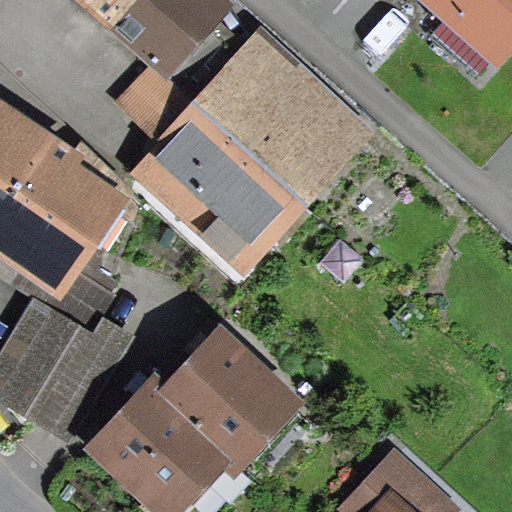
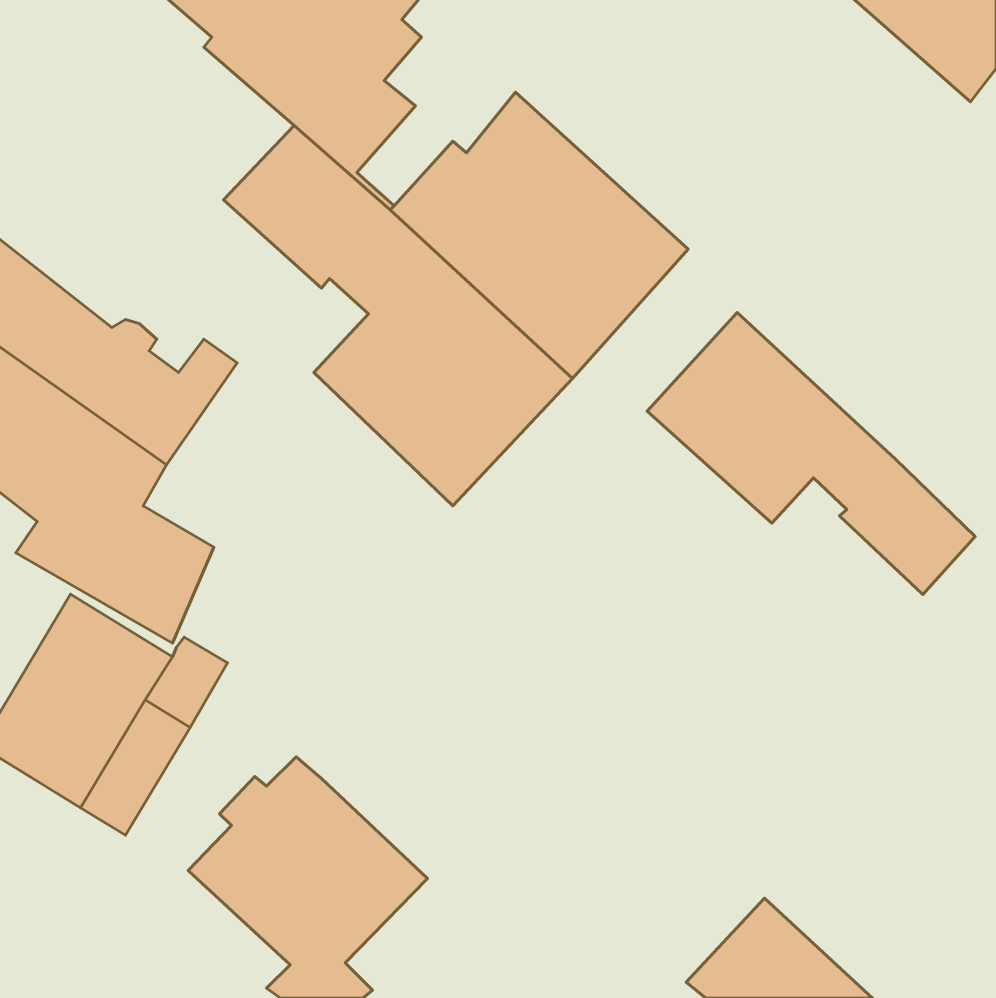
building: none -> [647,313,975,595]
building: [164,337,282,457] -> none

